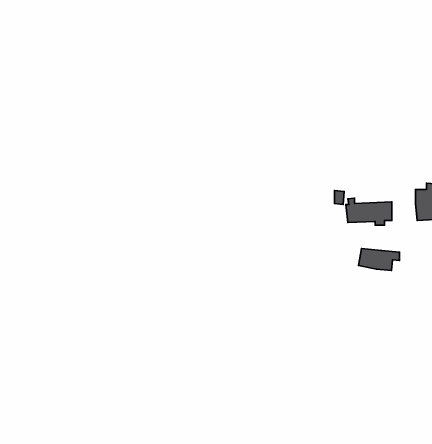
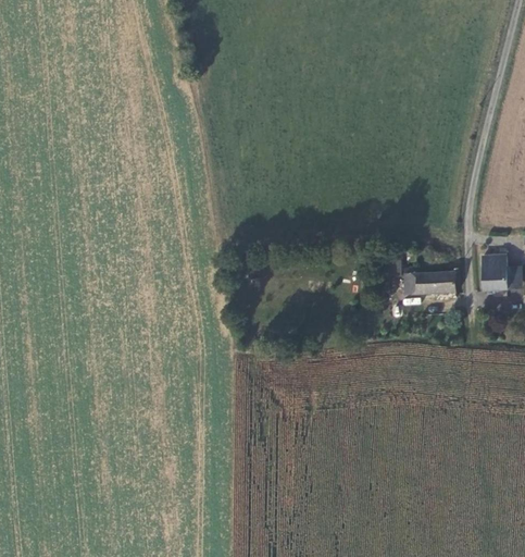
building: [359,248,400,271] -> none

